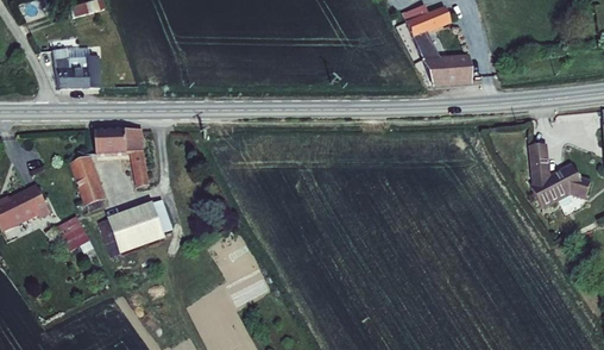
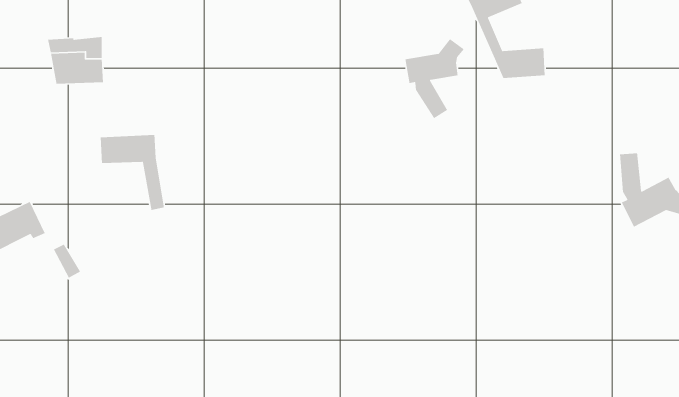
building: none -> [405,38,465,119]
building: [71,156,105,210] -> none
building: [99,199,172,255] -> none

